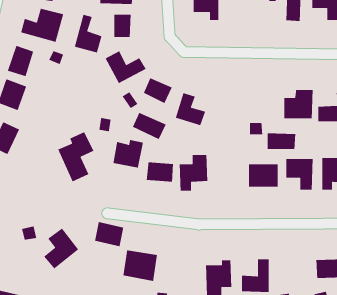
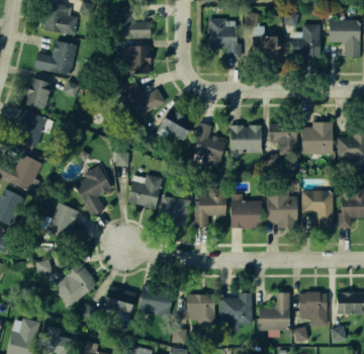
building: none -> [258,40,281,59]
building: [74,14,102,54] -> none
building: none -> [230,125,261,152]
building: [132,112,167,140] -> none
building: [267,133,296,150] -> [267,124,296,142]
building: none -> [231,194,262,228]
building: none -> [48,204,87,247]
building: [94,221,124,247] -> [104,288,134,315]
building: none -> [299,295,328,324]
building: none -> [189,296,213,316]

